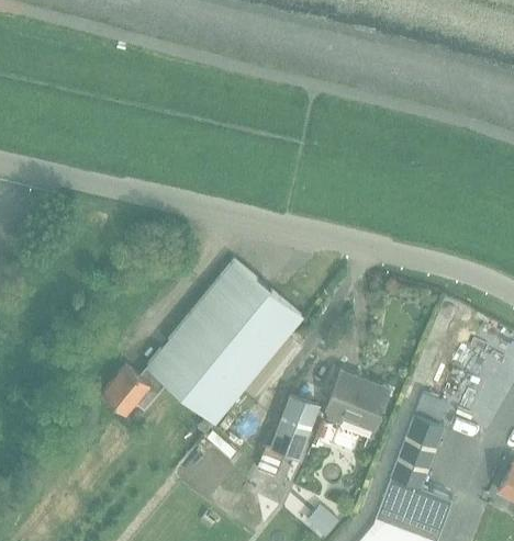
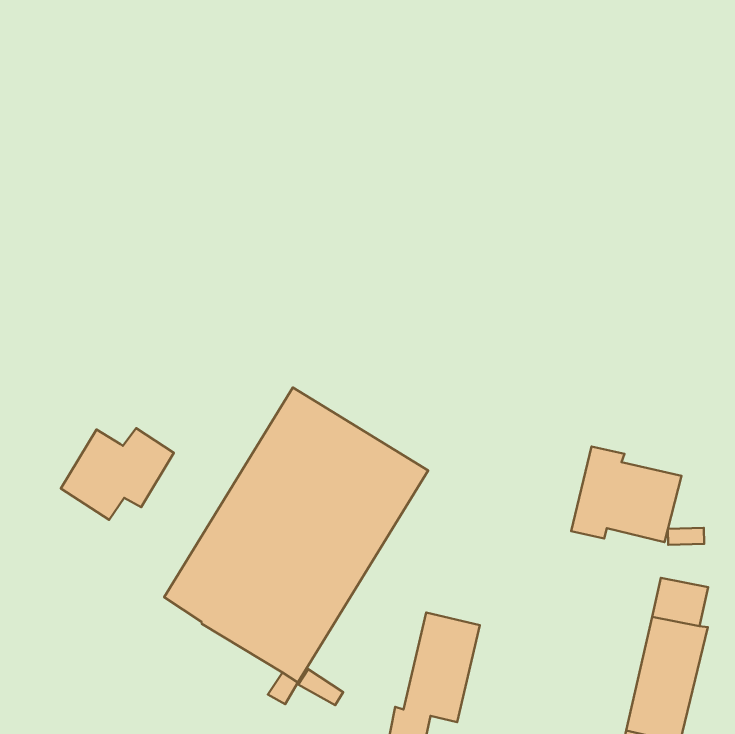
building: [101,365,166,416] -> [61,428,174,520]
building: [323,372,388,430] -> [571,446,681,542]

